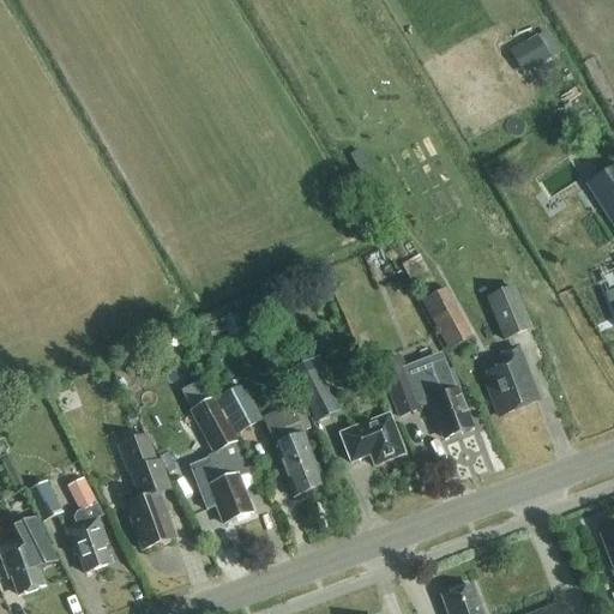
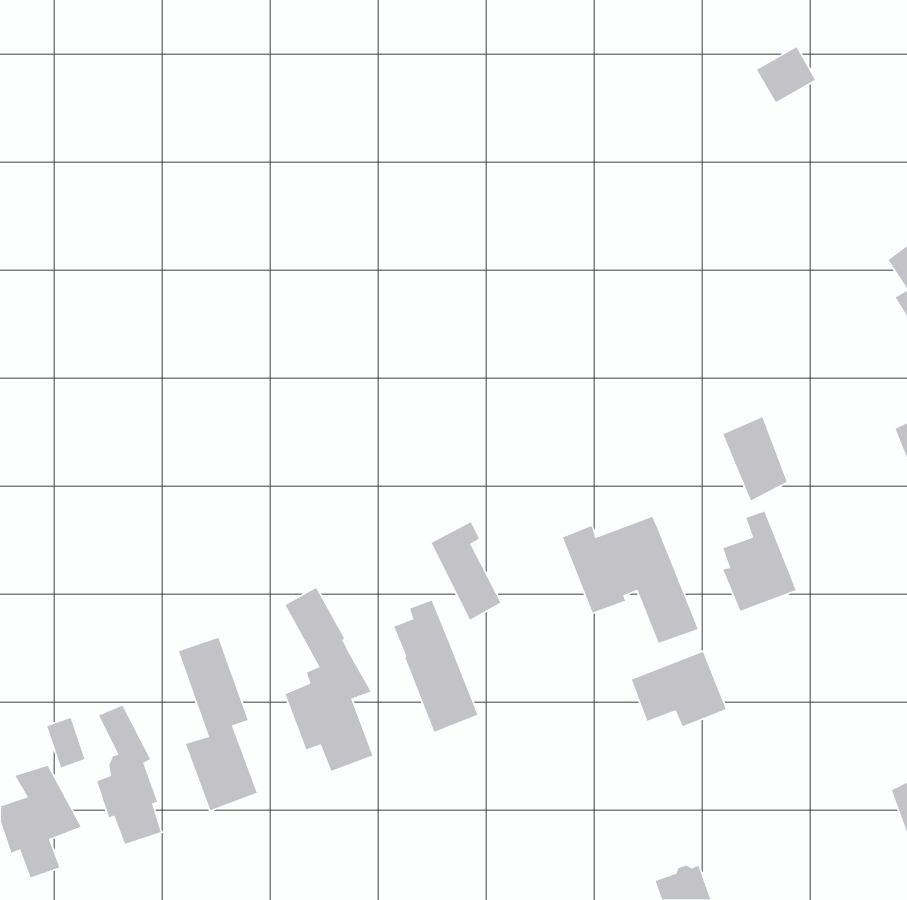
building: [425,287,471,344] -> none
building: [217,380,264,431] -> none
building: [341,411,405,463] -> [631,651,727,727]

